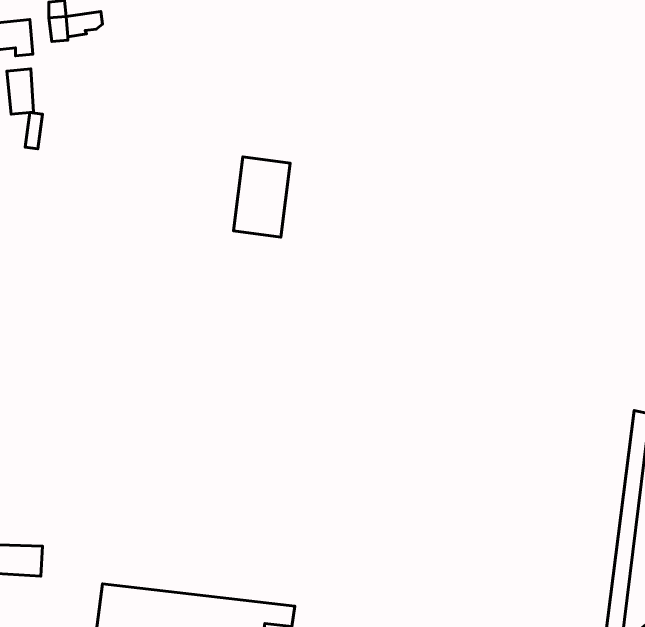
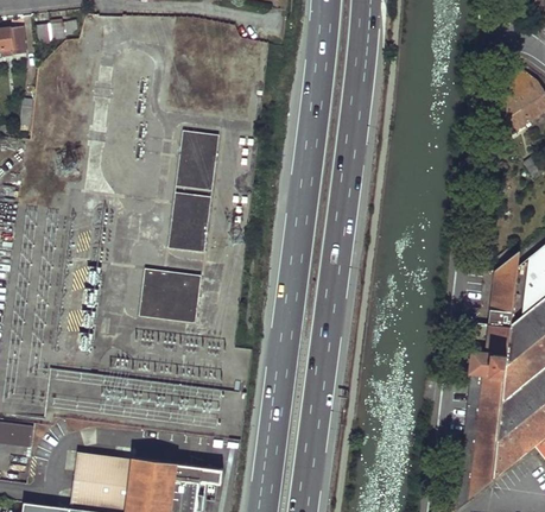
building: [7,69,34,114] -> none
building: none -> [169,192,213,253]
building: none -> [140,268,202,323]

